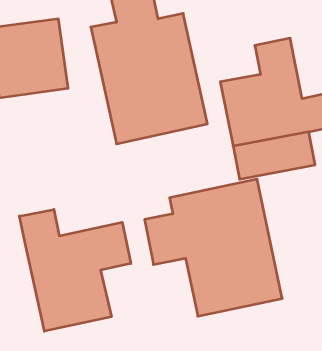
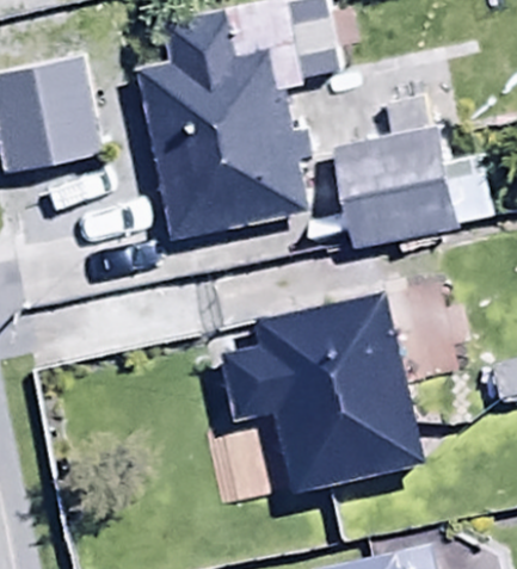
building: [19,209,131,331] -> none

